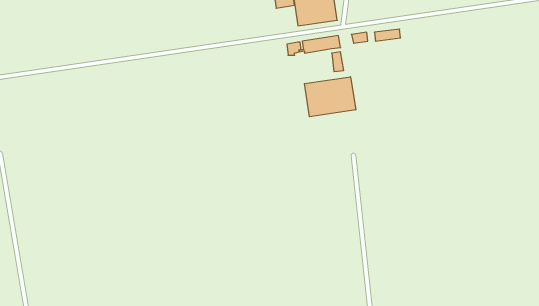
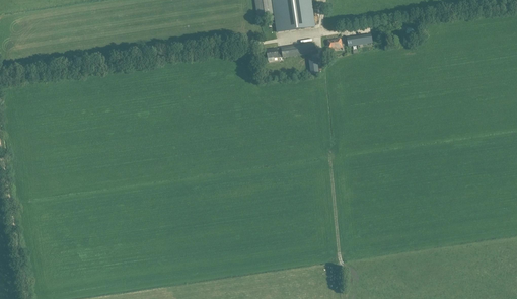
building: [304,77,356,117] -> none

